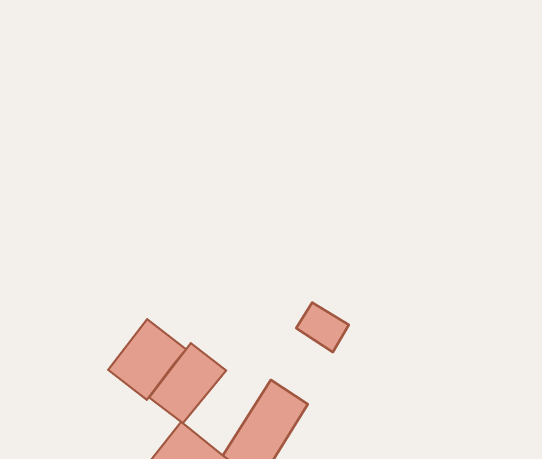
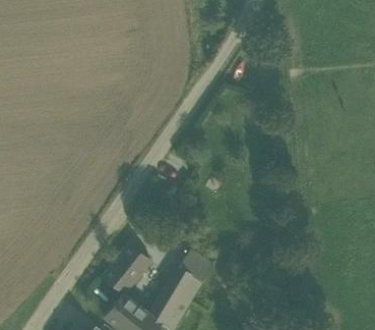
building: [296,302,349,352] -> [179,251,212,282]
building: [108,319,186,400] -> none

